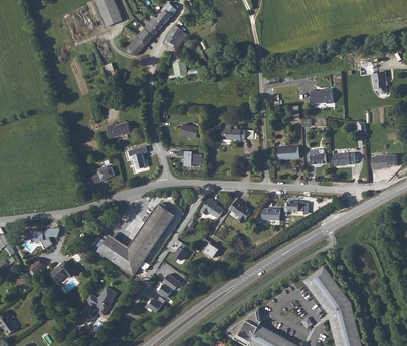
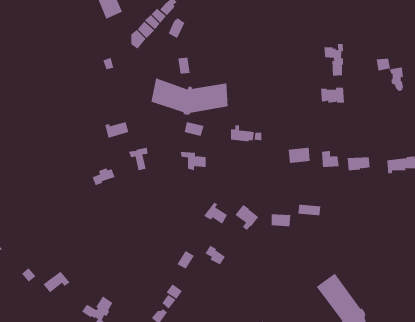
building: none -> [324,43,344,76]
building: none -> [151,78,228,116]
building: [96,203,172,275] -> none
building: [23,228,59,249] -> none

